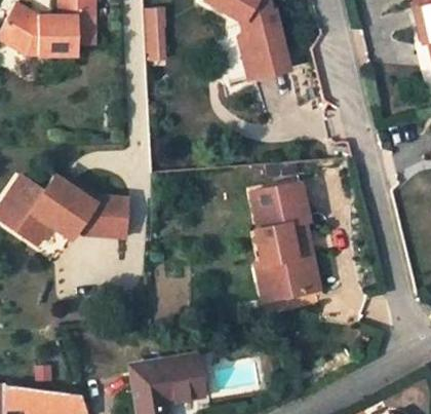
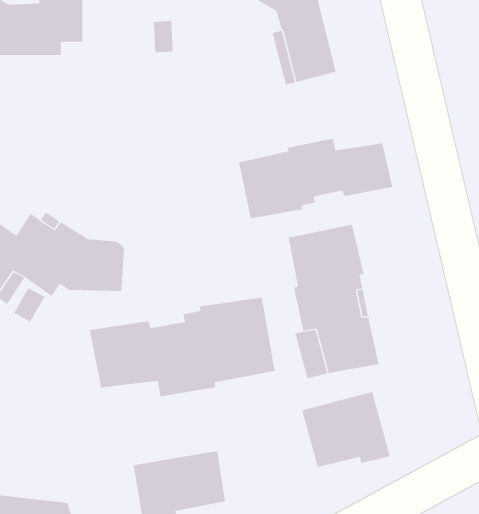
building: none -> [239,138,393,219]
building: none -> [89,297,275,397]
building: none -> [301,391,391,468]

